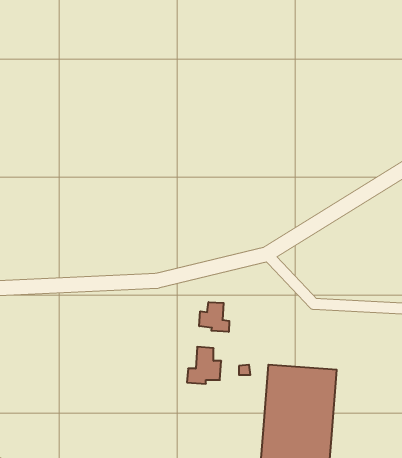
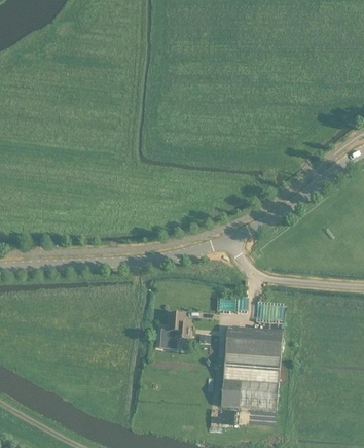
building: [199,302,229,332] -> none

